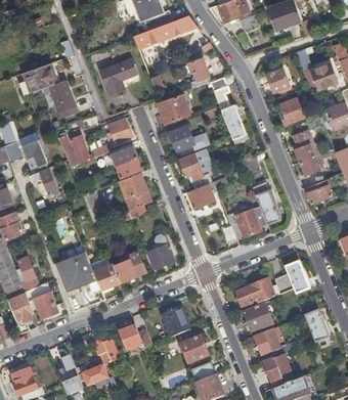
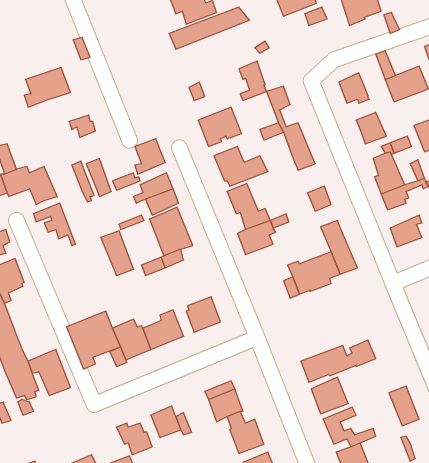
building: [100,58,137,94] -> none
building: [41,80,72,104] -> none
building: [15,255,39,291] -> none
building: [286,261,310,293] -> none

